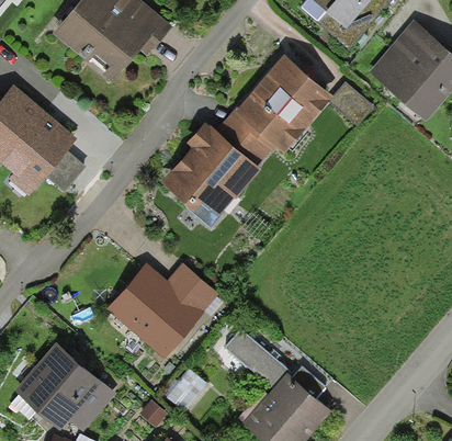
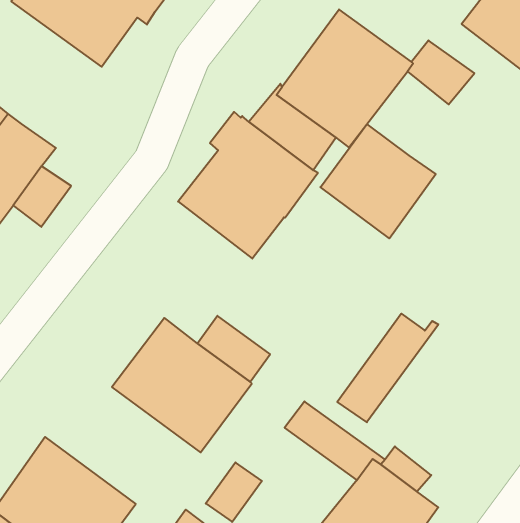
building: none -> [320,124,436,238]
building: none -> [337,314,438,422]

